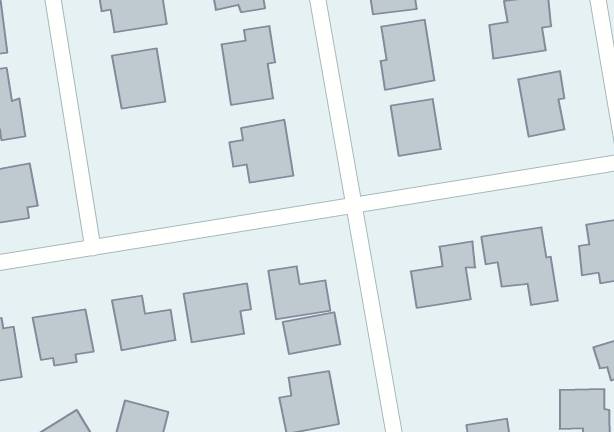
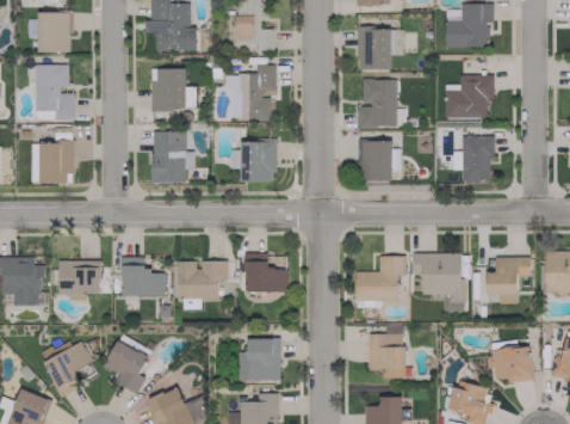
building: none -> [153,130,196,183]
building: [283,312,340,354] -> none
building: none -> [368,325,405,379]

